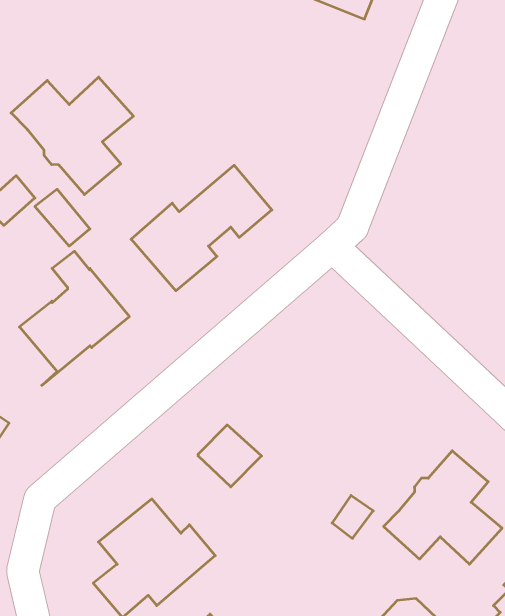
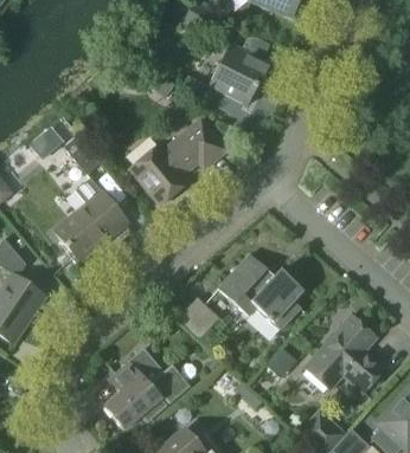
building: none -> [209,43,274,104]
building: [11,77,133,195] -> none
building: none -> [218,253,303,329]

